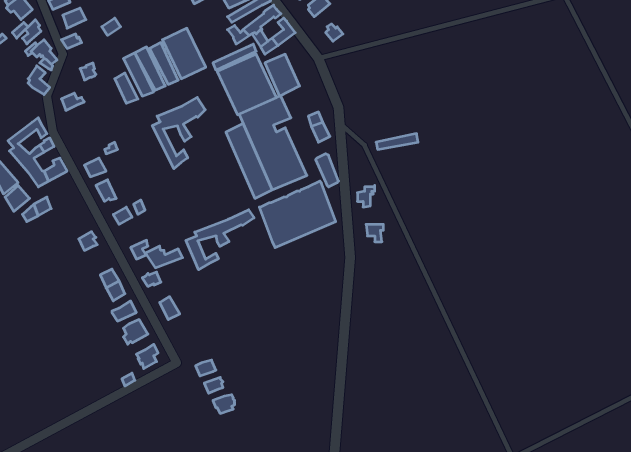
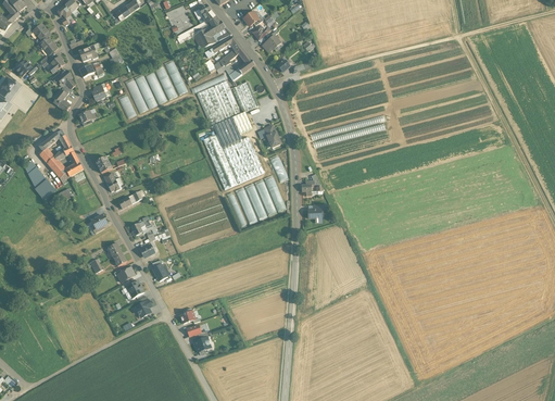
building: [152,97,205,169] -> none
building: [186,210,254,270] -> none

